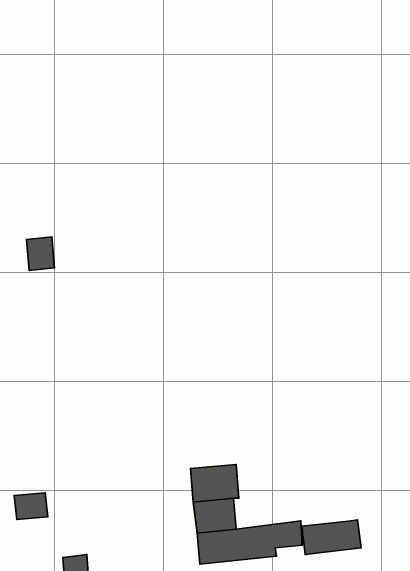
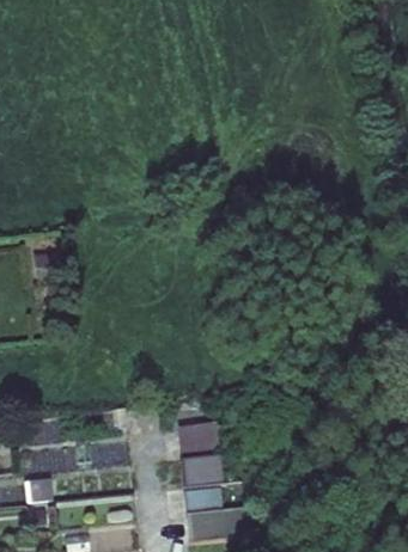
building: none -> [176,422,219,456]
building: [302,520,361,554] -> none

